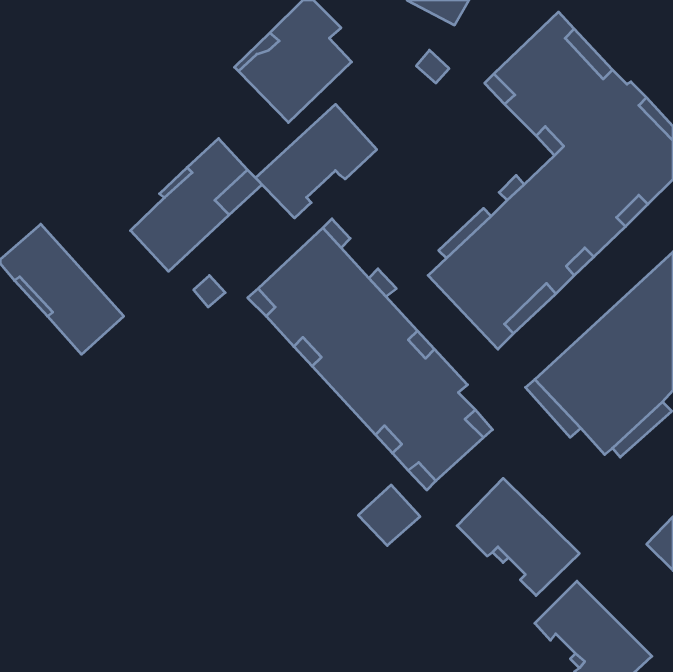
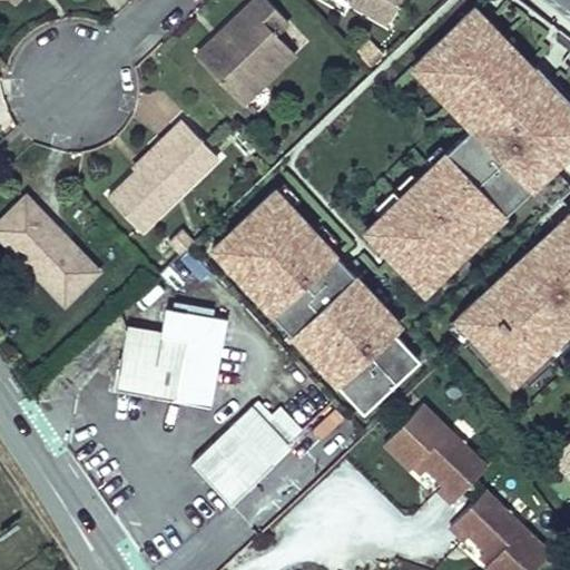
building: [256,104,377,218] -> none
building: none -> [128,312,238,404]
building: none -> [197,400,303,502]

